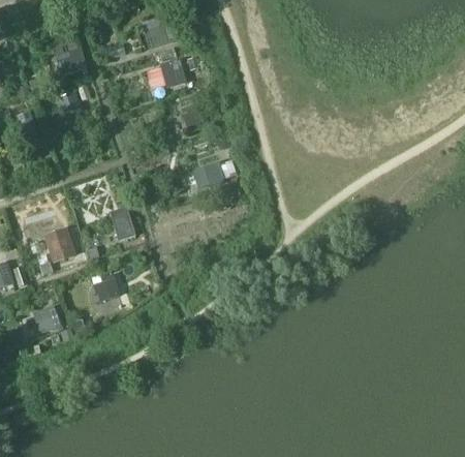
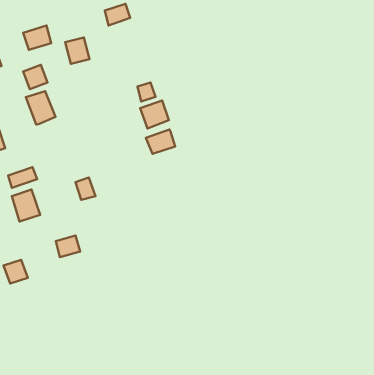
building: [158,57,185,86] -> [65,37,89,64]
building: none -> [26,91,55,125]
building: none -> [140,101,169,128]

